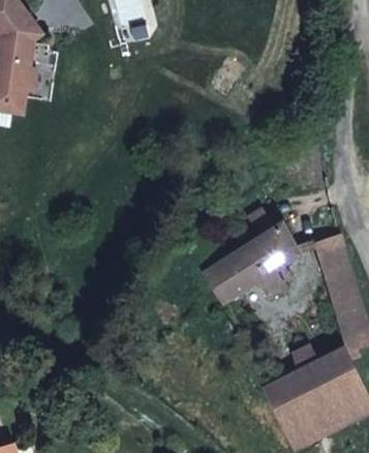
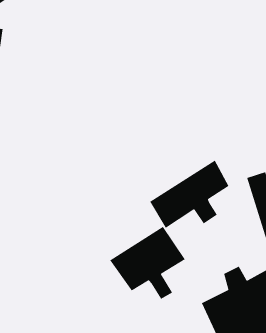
building: none -> [109,226,186,300]

